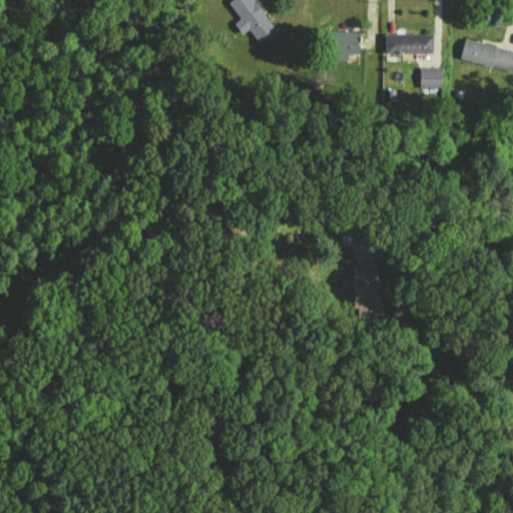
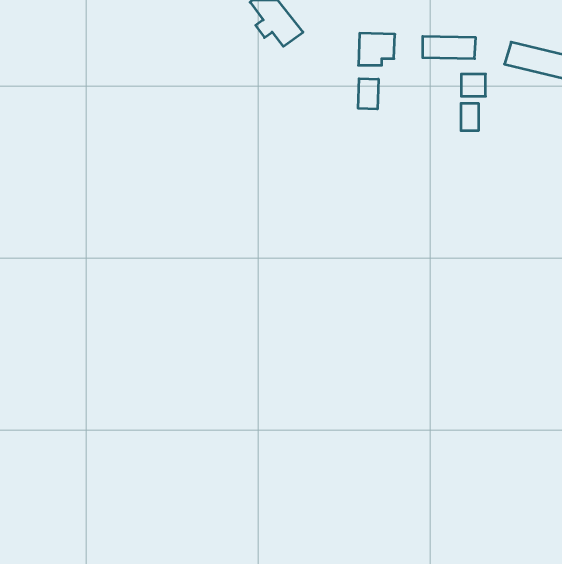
building: none -> [358,79,378,109]
building: none -> [461,103,478,131]

